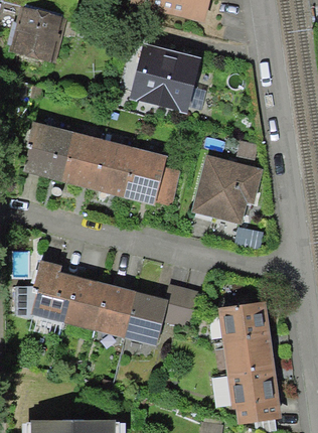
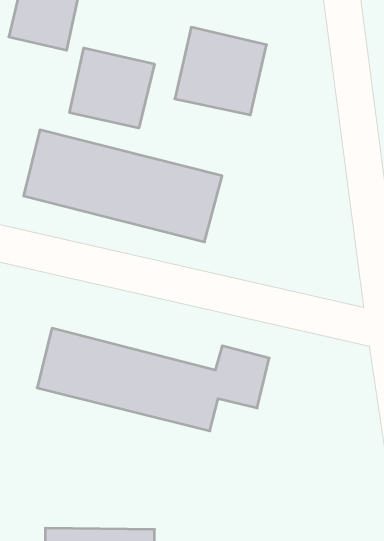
building: none -> [70,48,154,128]
building: [194,155,264,223] -> none
building: [220,303,281,424] -> none

